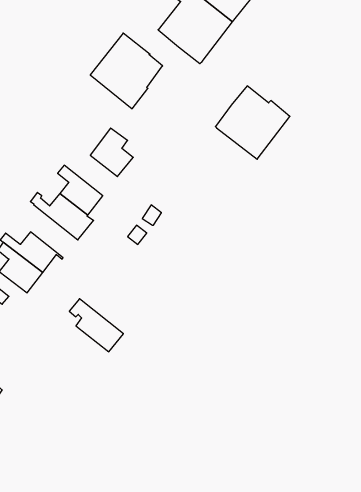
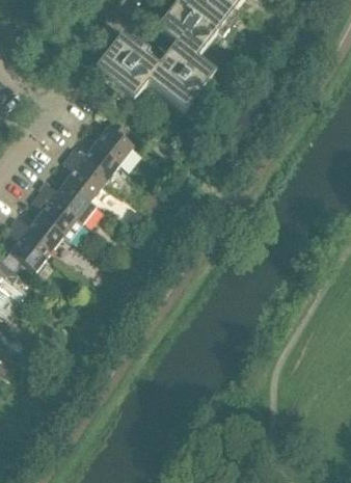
building: [215,86,290,159] -> [144,45,213,112]
building: none -> [69,144,117,182]
building: [69,299,123,352] -> [31,190,81,239]

